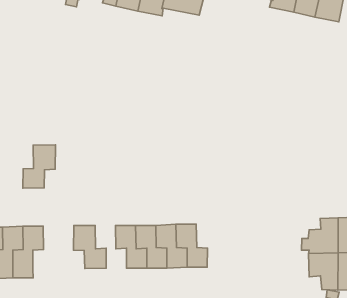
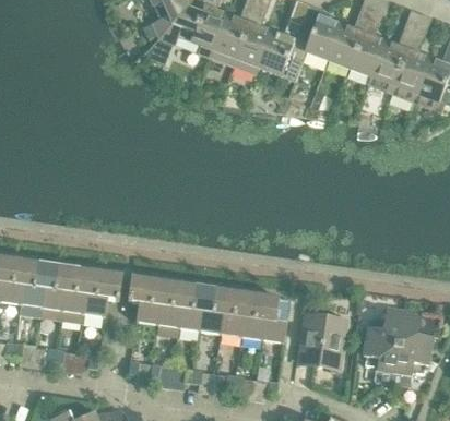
building: [23,145,55,188] -> [83,269,123,315]
building: none -> [254,292,287,341]
building: none -> [151,277,182,335]
building: none -> [299,314,346,366]

